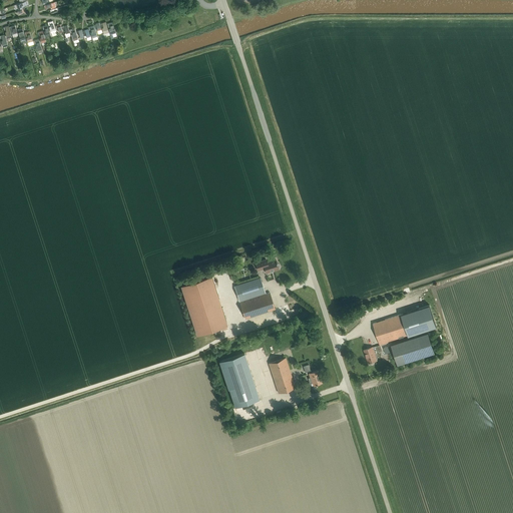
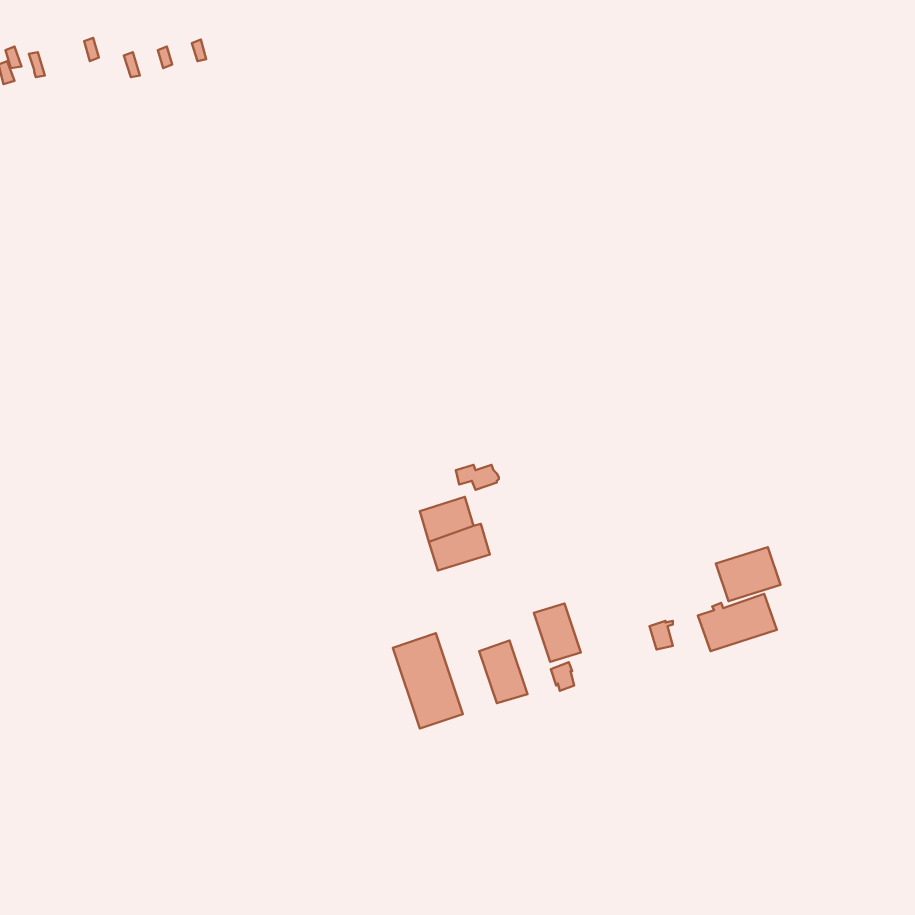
building: [181,278,225,335] -> none
building: [372,316,407,346] -> none
building: none -> [534,604,581,662]

